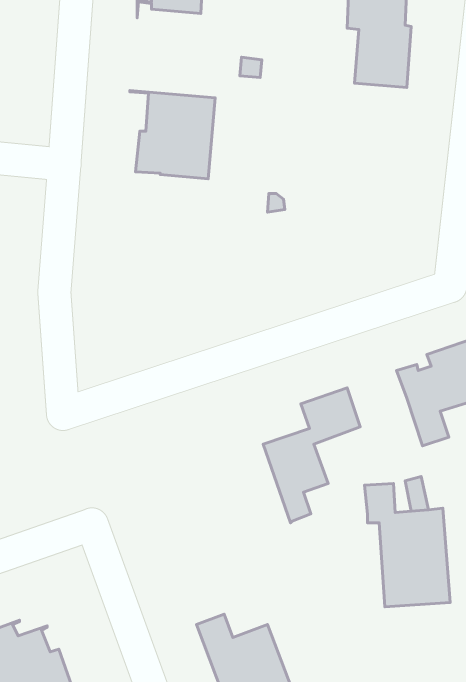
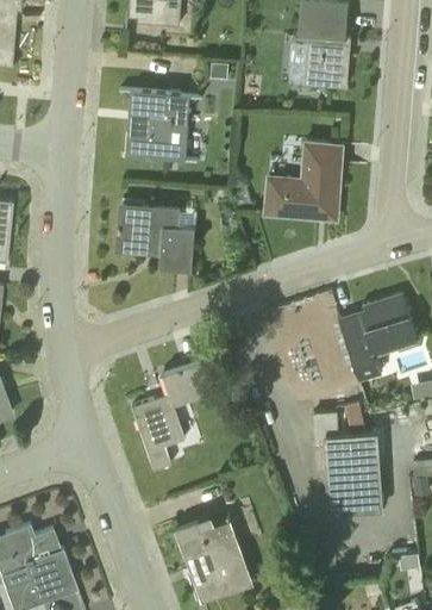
building: none -> [265,141,343,218]
building: none -> [118,205,195,270]
building: [263,388,360,523] -> [132,360,212,471]

